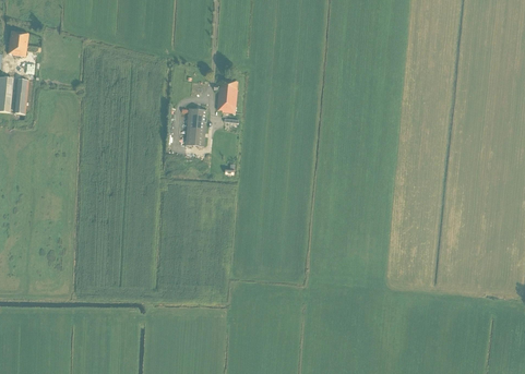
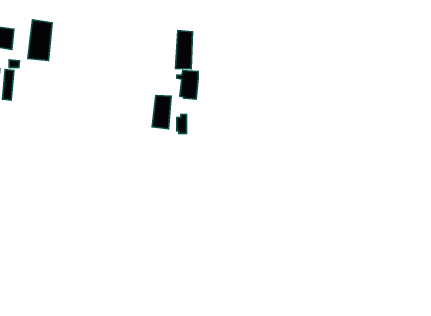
building: none -> [28,20,52,61]
building: none -> [175,30,192,69]

